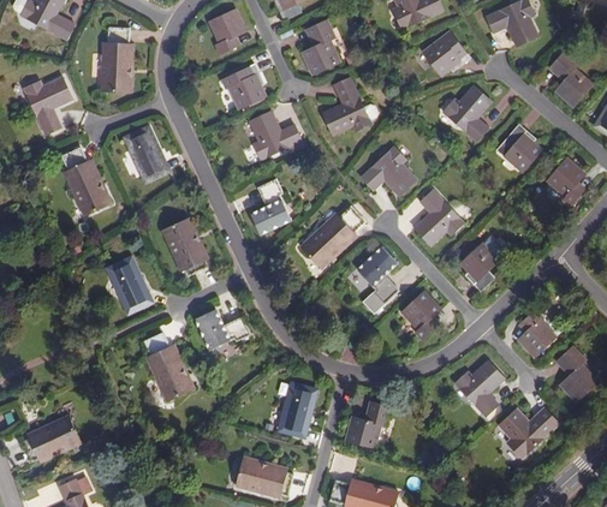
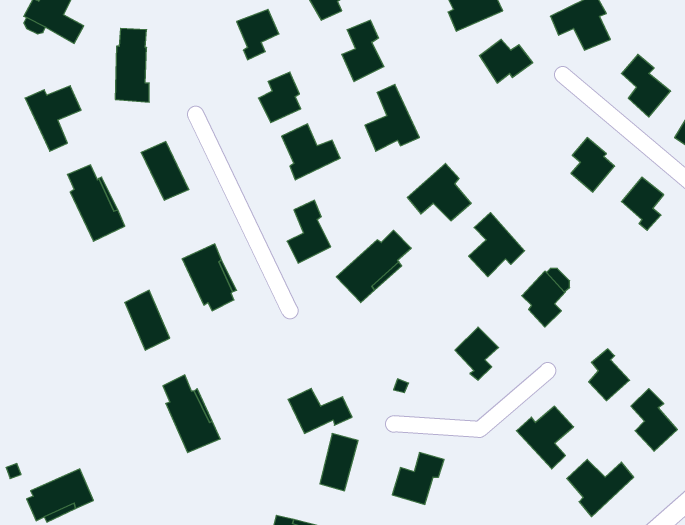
building: [441,84,492,142] -> none
building: [357,246,398,304] -> none
building: [195,309,251,348] -> [288,388,352,433]

